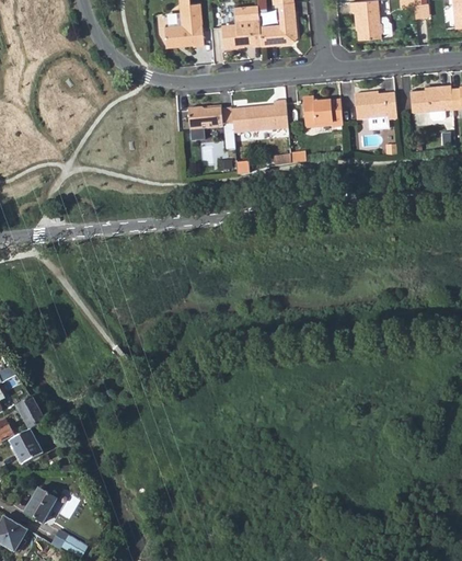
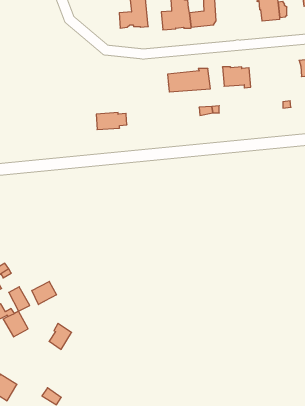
building: [355,91,397,117] -> none
building: [189,106,231,129] -> [96,113,127,130]
building: none -> [32,281,56,305]
building: [24,488,55,523] -> [49,323,72,349]

